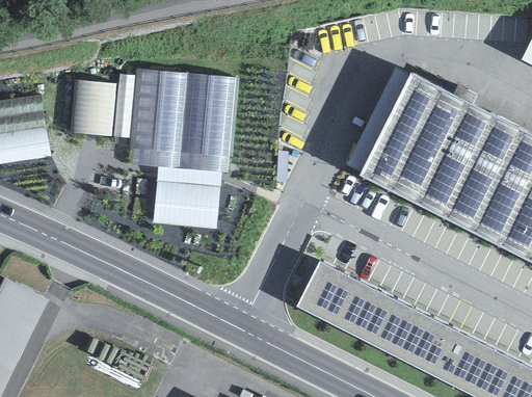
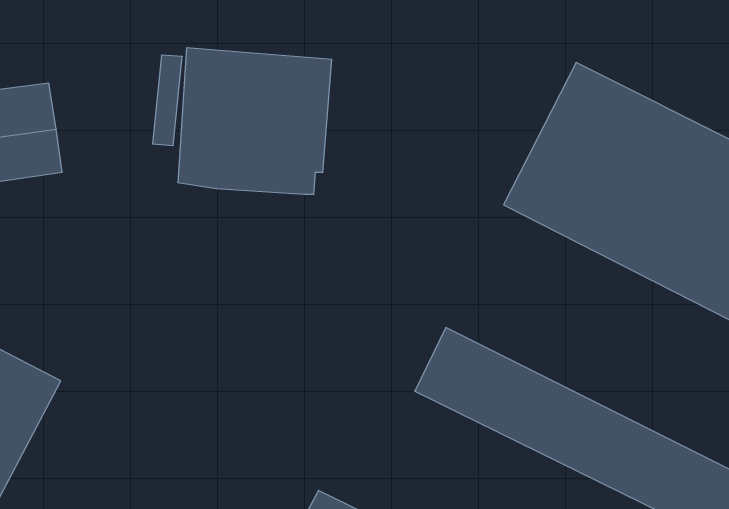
building: [72,77,116,133] -> none
building: [153,165,219,224] -> none

